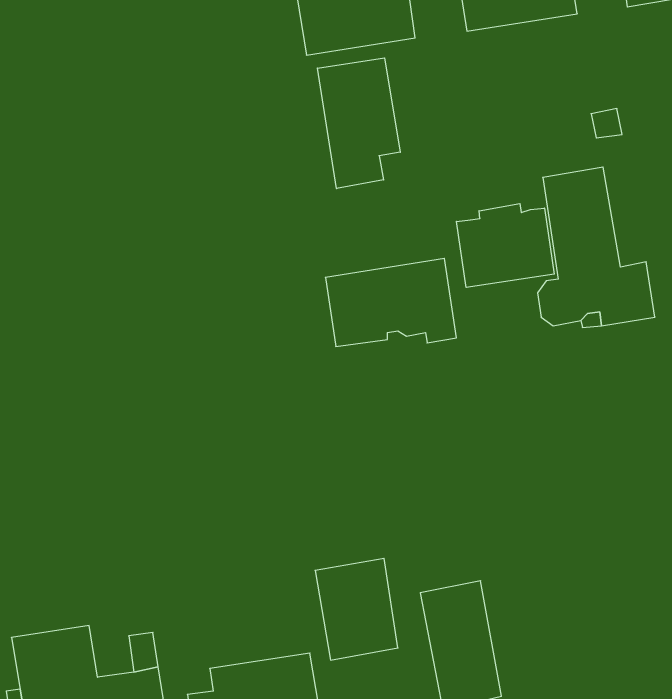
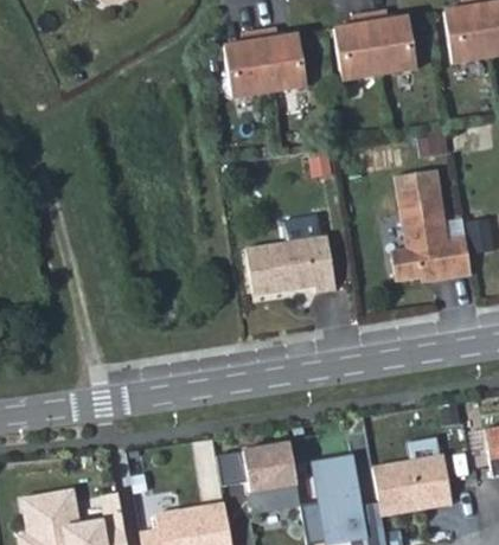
building: [317,58,400,189] -> none
building: [456,204,554,287] -> none
building: none -> [376,455,454,517]

